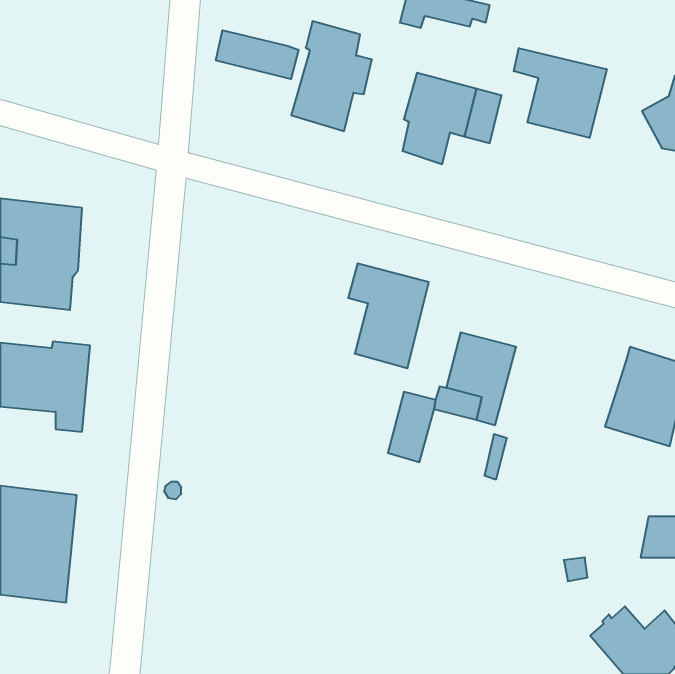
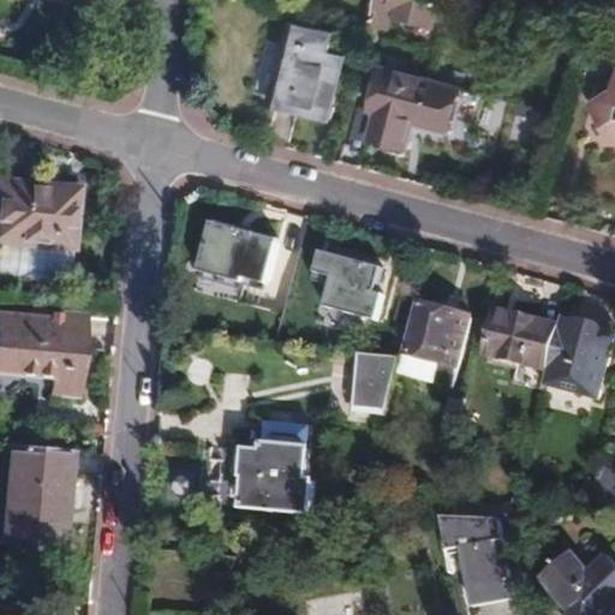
building: [216,30,299,79] -> none
building: [514,48,607,138] -> none
building: none -> [197,220,286,308]
building: none -> [484,309,556,368]
building: none -> [213,418,310,515]
building: none -> [438,514,512,607]

